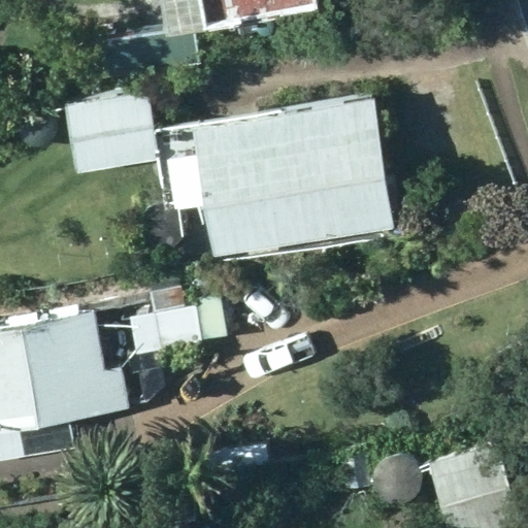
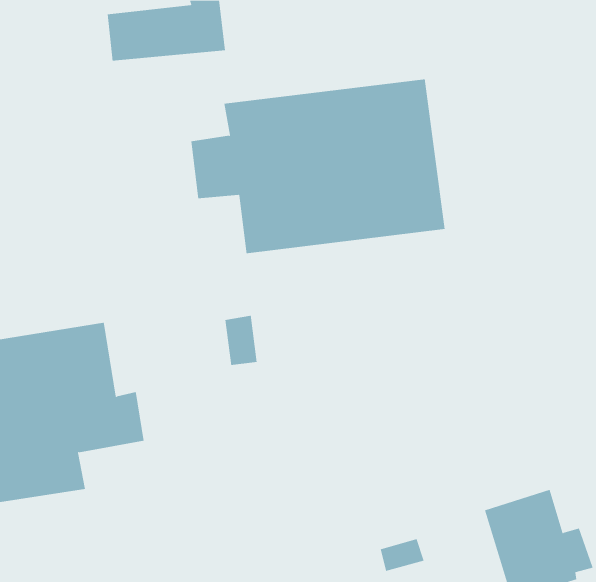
building: [63,79,156,163] -> none

